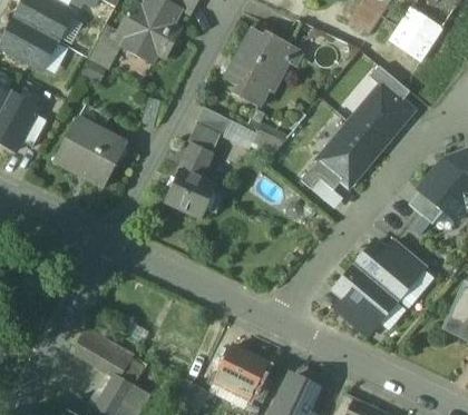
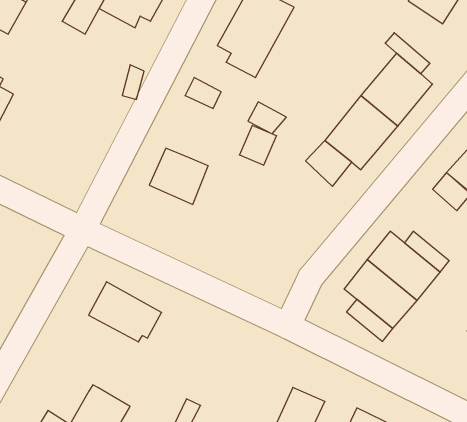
building: [55,119,124,186] -> none
building: [179,142,212,177] -> [239,126,277,165]
building: [69,327,133,379] -> [89,282,162,342]
building: [215,346,267,395] -> none

